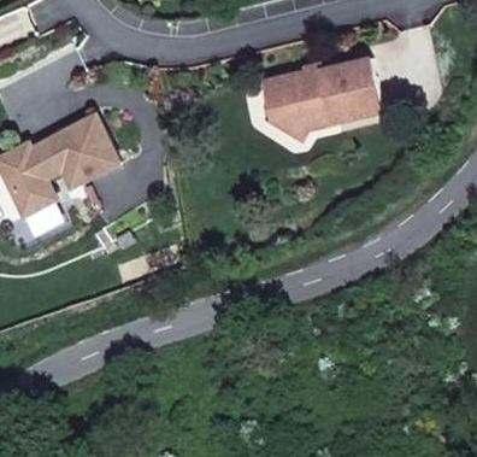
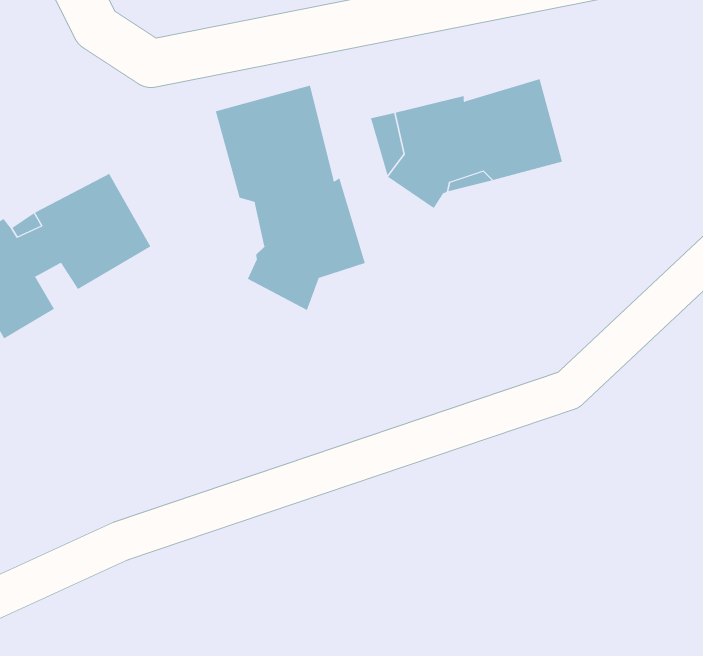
building: none -> [215,85,366,311]

